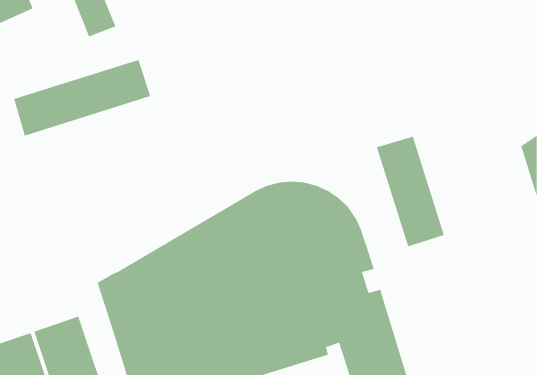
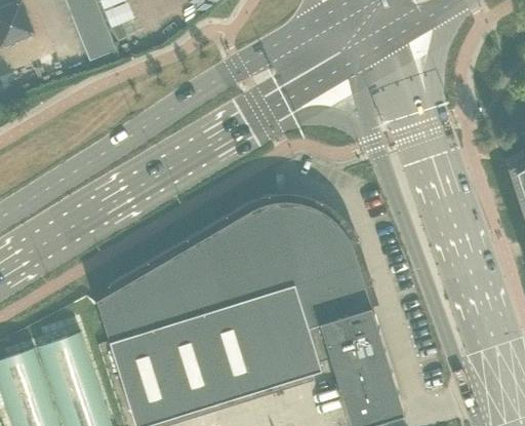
building: [13,59,151,136] -> none
building: [376,136,444,247] -> none

